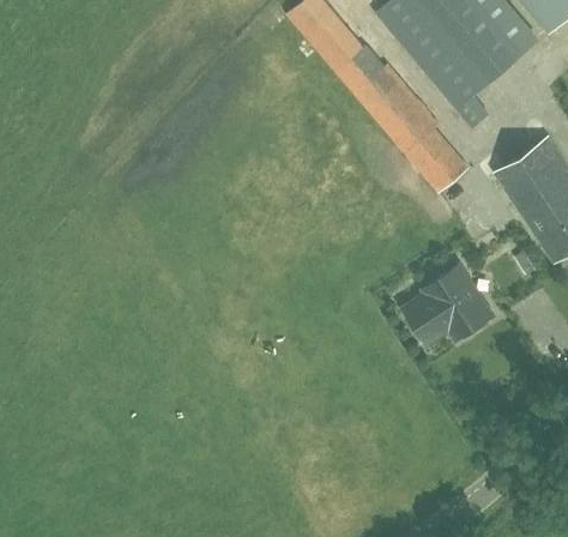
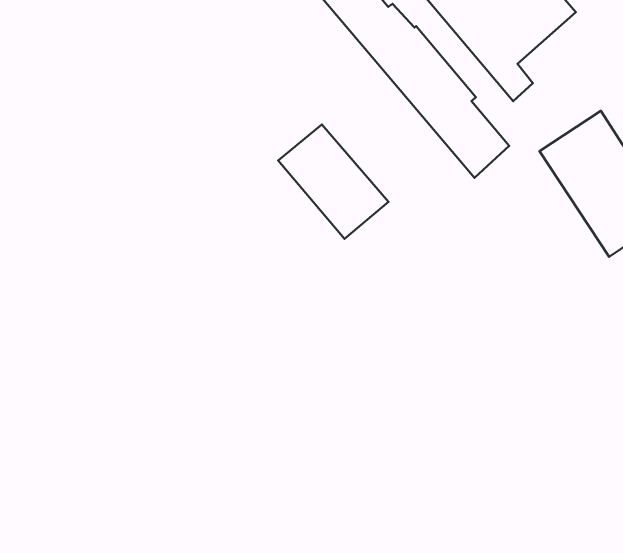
building: none -> [278,124,388,239]
building: [404,264,493,343] -> none

